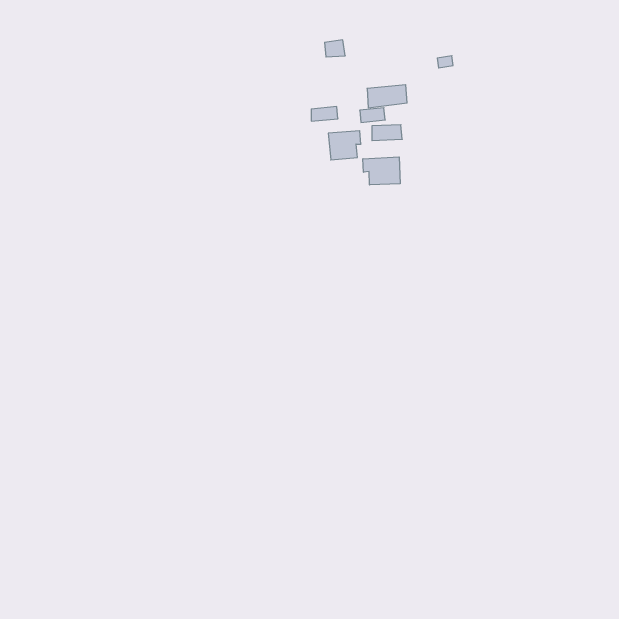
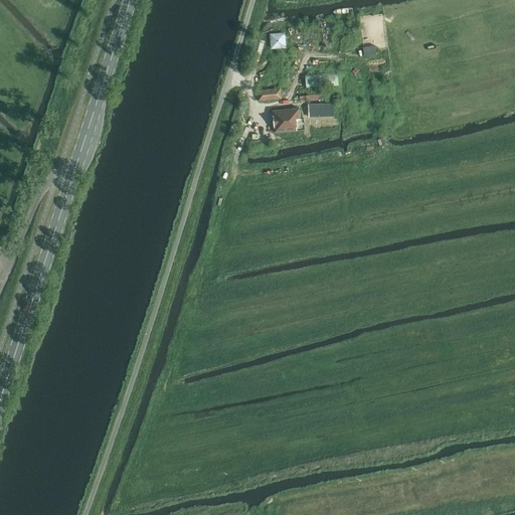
building: [363,157,400,185] -> none

